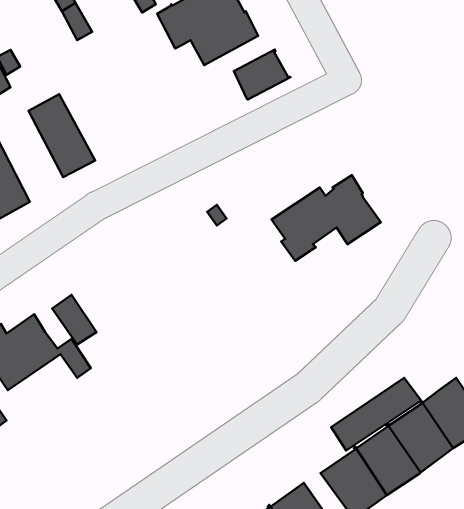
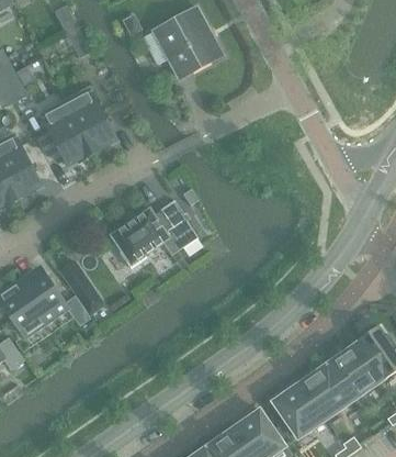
building: [234,50,291,99] -> none
building: none -> [65,87,117,153]
building: [271,175,381,261] -> [111,199,197,267]
building: [331,378,421,450] -> none

